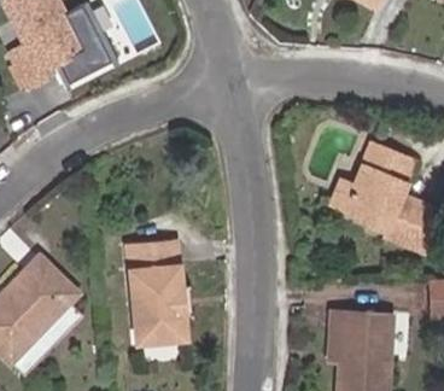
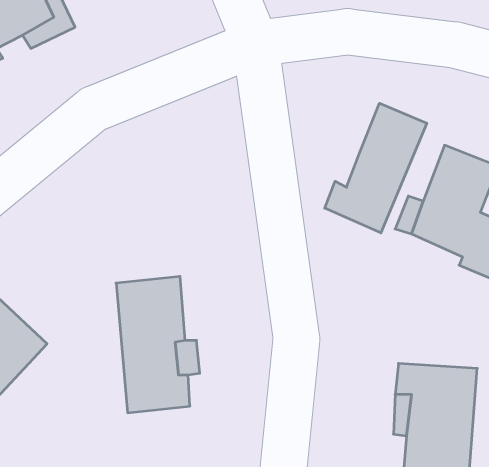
building: none -> [325,103,427,233]

